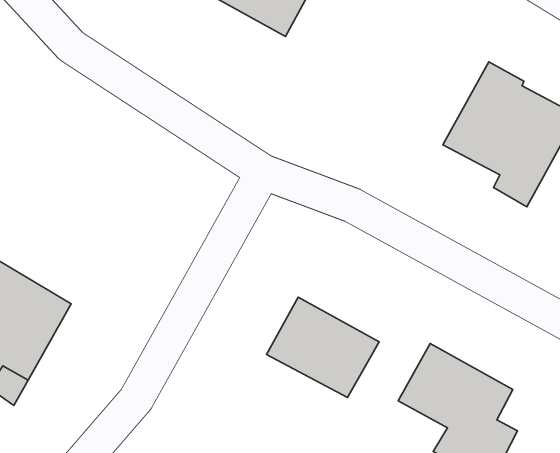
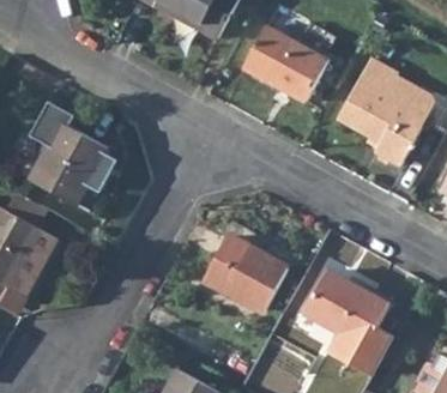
building: none -> [241,25,327,102]
building: none -> [29,101,116,205]

